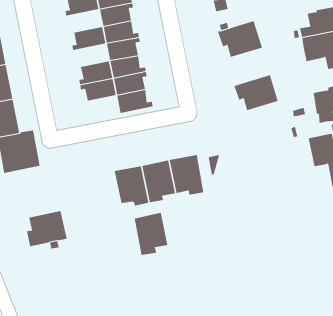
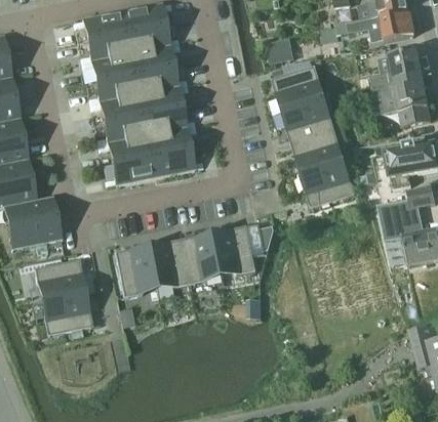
building: none -> [90,52,134,80]
building: none -> [98,93,143,121]
building: none -> [285,98,334,143]
building: none -> [114,155,155,184]
building: none -> [305,162,354,208]
building: none -> [34,259,85,300]
building: [134,212,168,255] -> [115,245,156,296]

